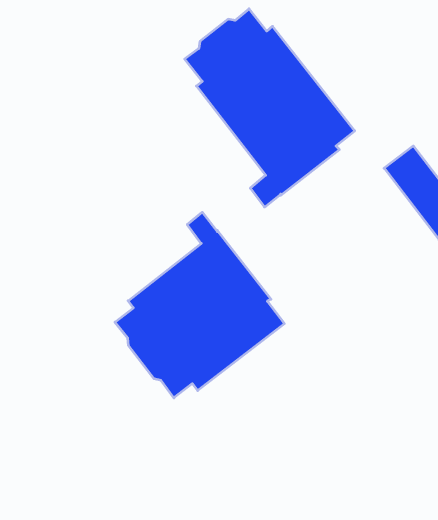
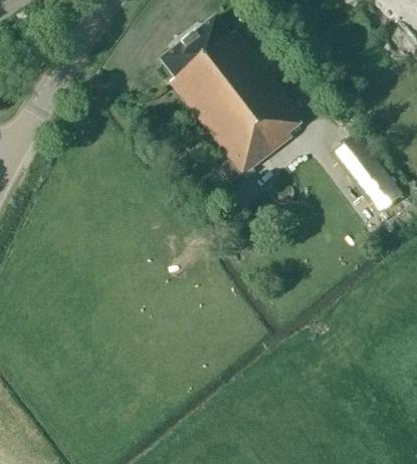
building: [115,212,284,398] -> none

